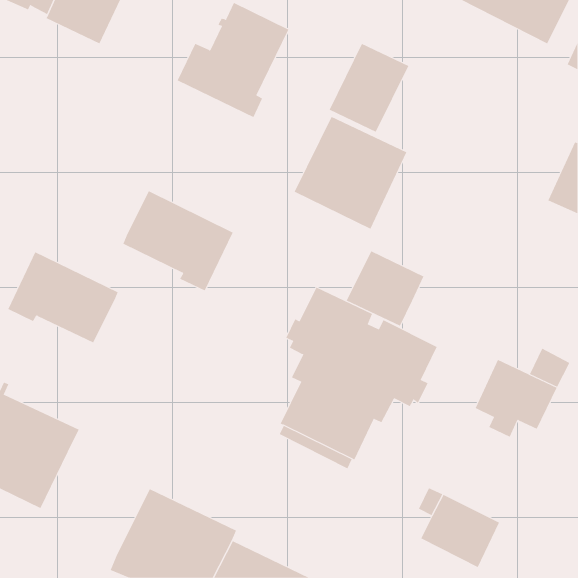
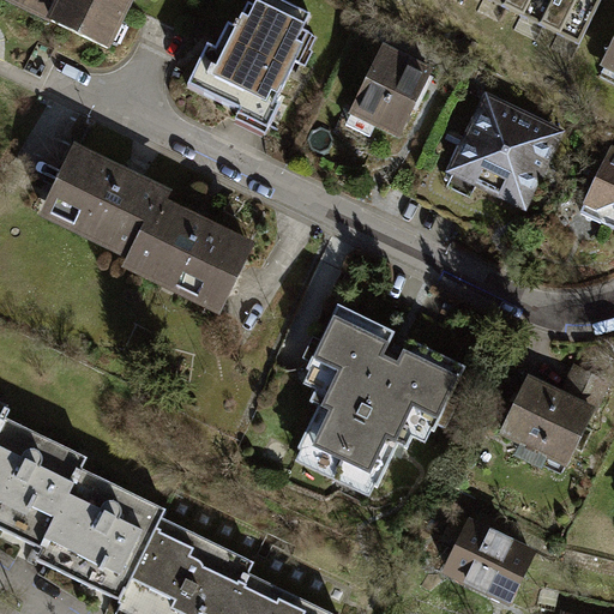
building: [294,116,407,229] -> [445,94,565,213]
building: [346,251,424,327] -> none
building: [7,251,119,343] -> [43,150,161,247]
building: none -> [38,466,162,589]

